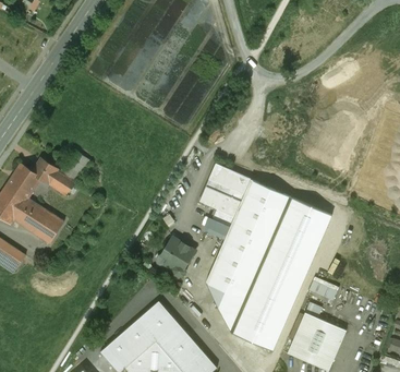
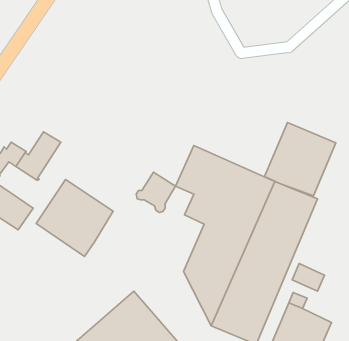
building: none -> [264,123,336,196]
building: none -> [36,179,113,257]
building: [156,238,193,276] -> [136,172,175,213]

